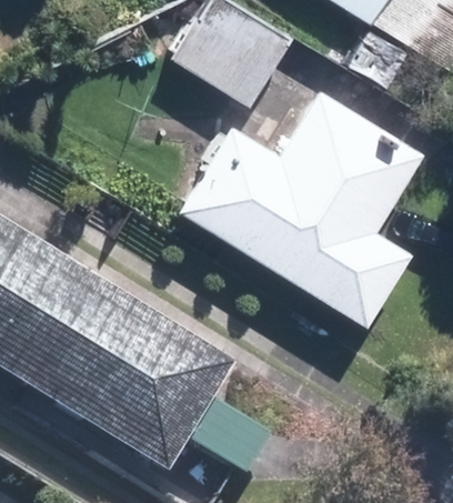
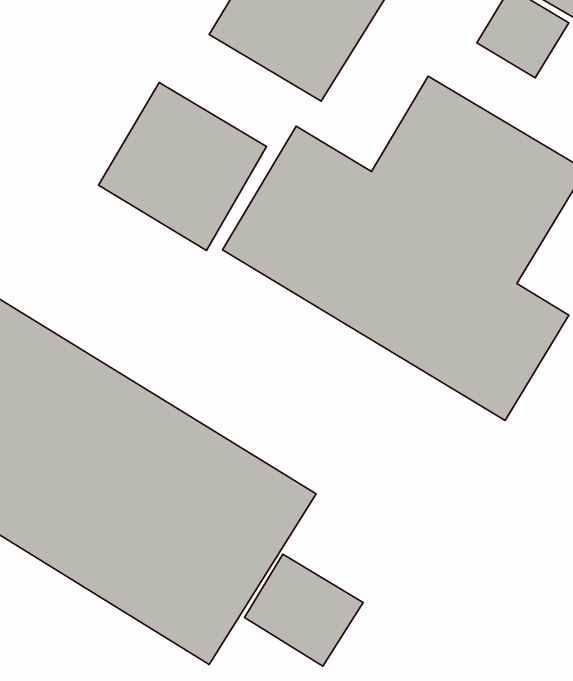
building: none -> [98,82,266,251]

